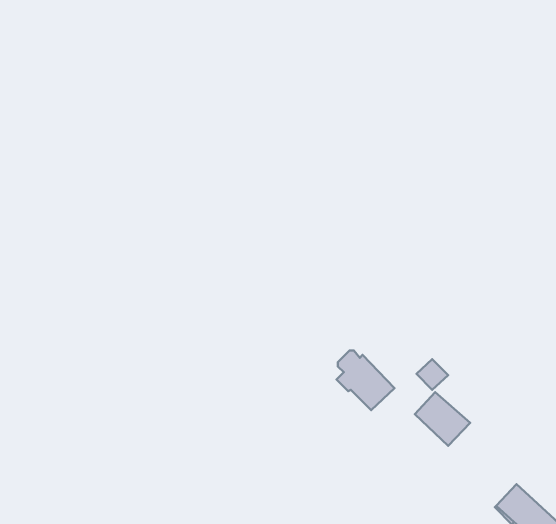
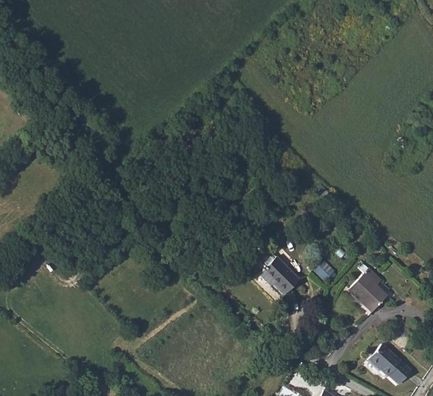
building: [415,392,470,446] -> [351,270,389,307]

